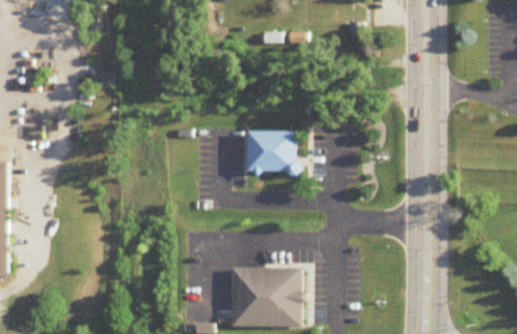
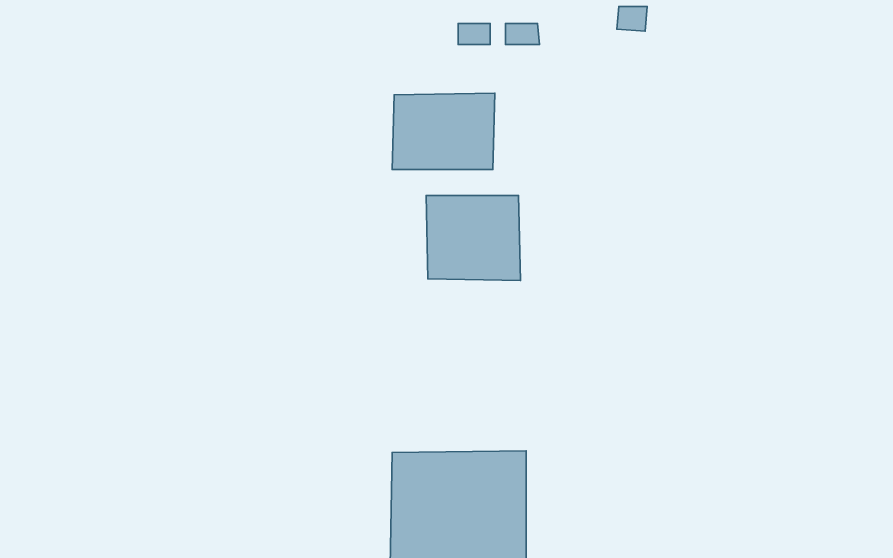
building: none -> [392,93,495,169]

